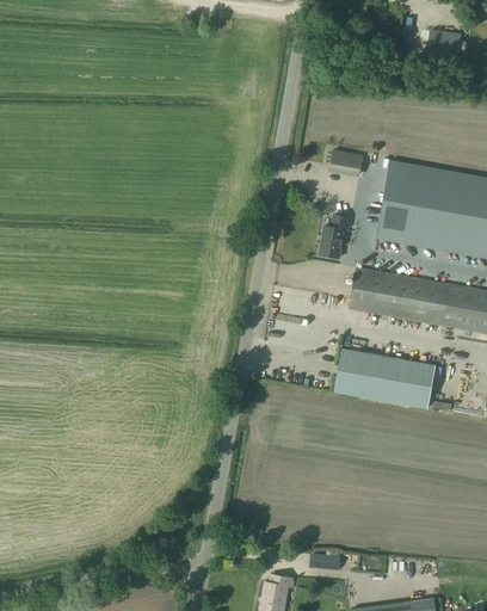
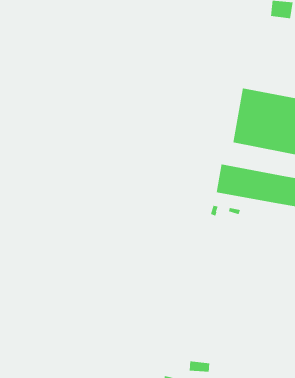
building: [331,152,364,177] -> none
building: [320,214,352,258] -> none
building: [335,350,436,408] -> none

